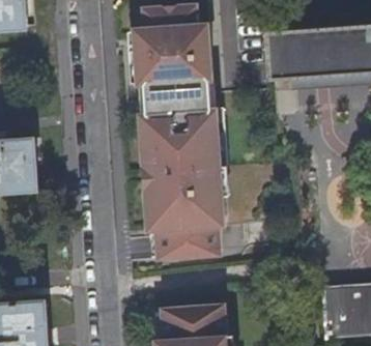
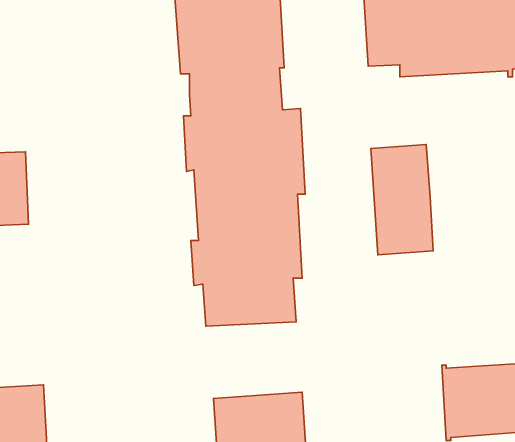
building: none -> [371,145,433,255]

